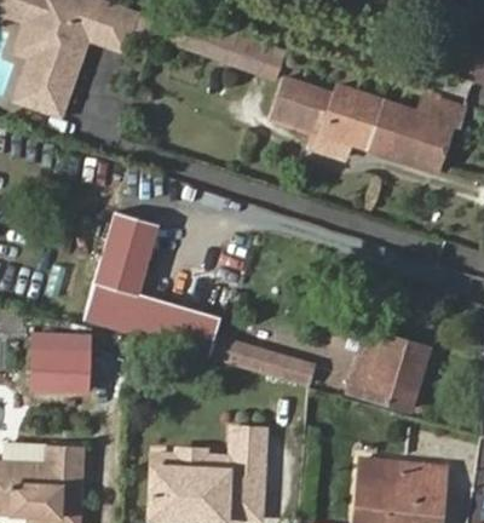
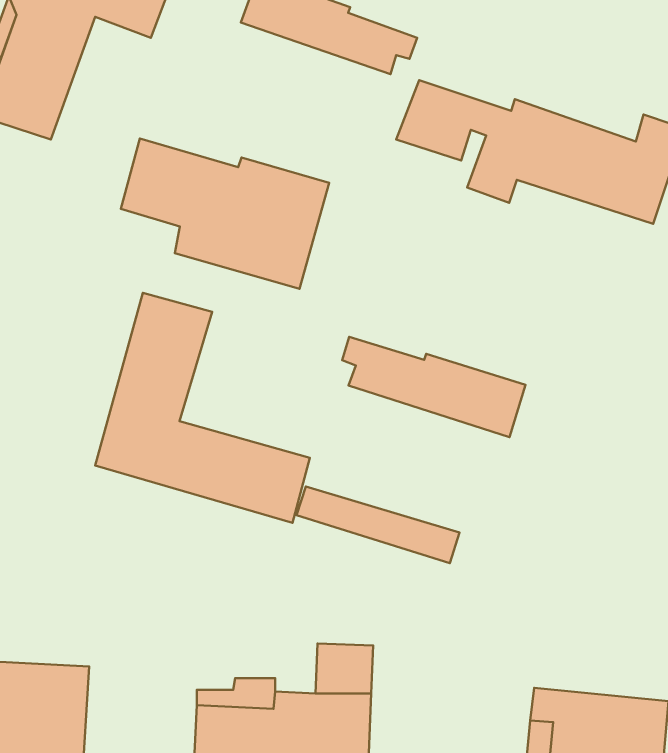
building: none -> [121,139,329,289]
building: none -> [342,337,526,437]
building: [352,331,430,407] -> none
building: [34,337,88,390] -> none

